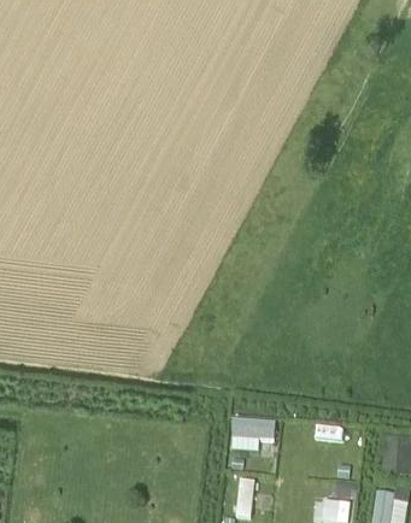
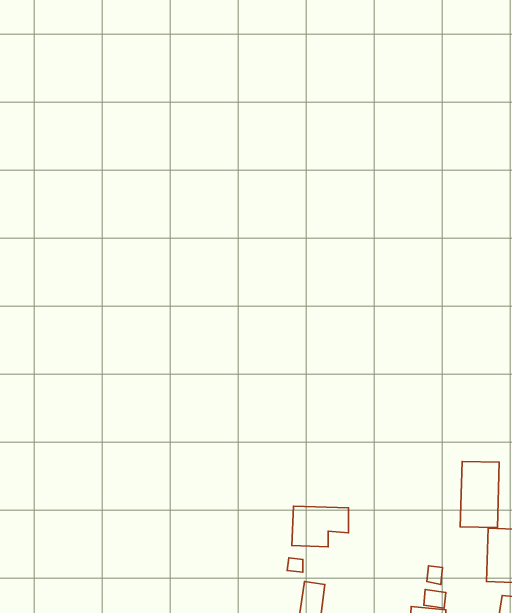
building: none -> [460,461,499,528]

